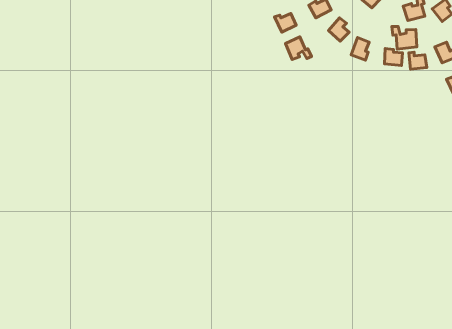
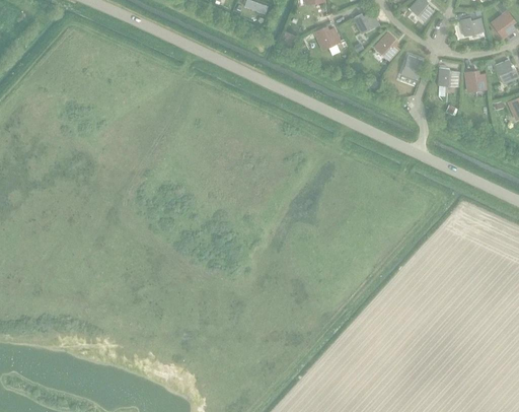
building: [392,26,417,49] -> none
building: [285,37,312,60] -> none

